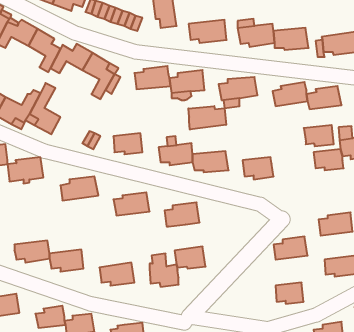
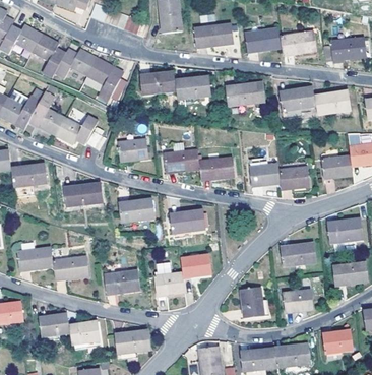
building: [188,106,226,130] -> none
building: none -> [55,120,98,149]
building: [304,125,334,146] -> [278,166,309,187]
building: none -> [241,288,267,318]

